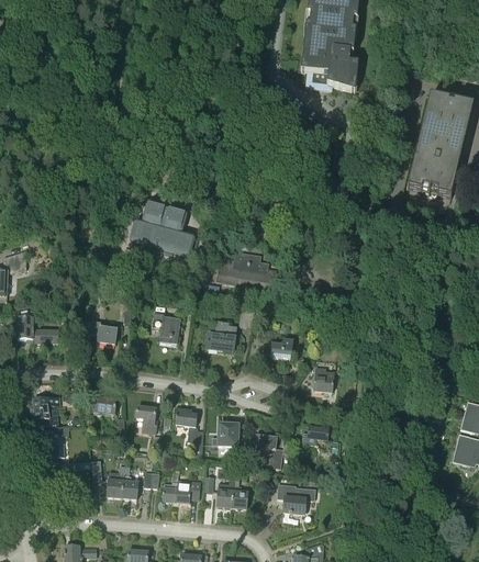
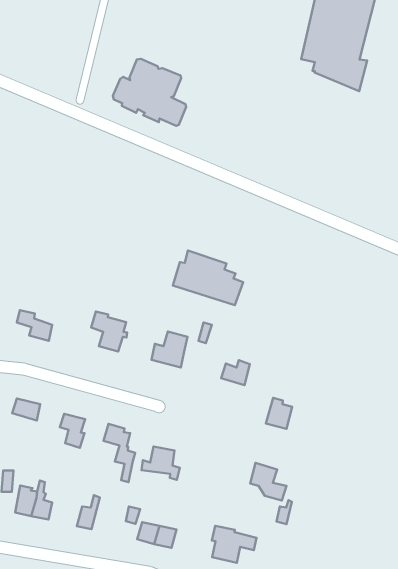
building: [130,202,194,256] -> [113,59,186,126]
building: [254,434,282,467] -> none
building: [175,473,200,503] -> none

